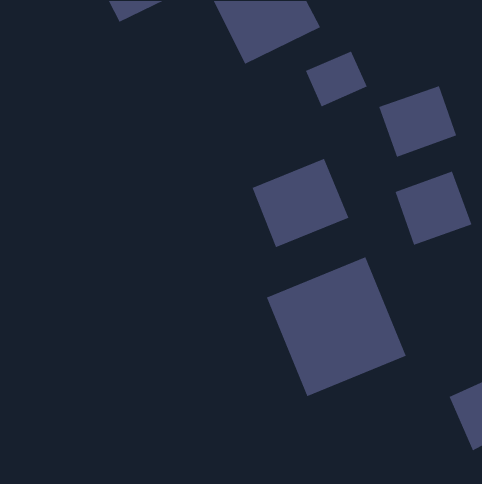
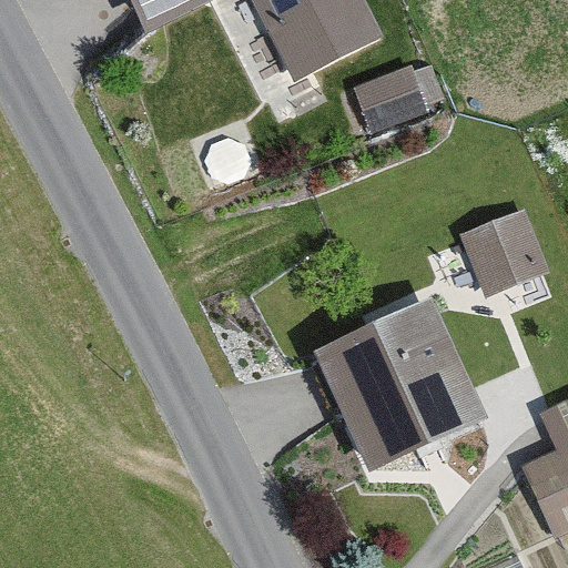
building: [378,85,457,158] -> none
building: [252,158,349,248] -> none

